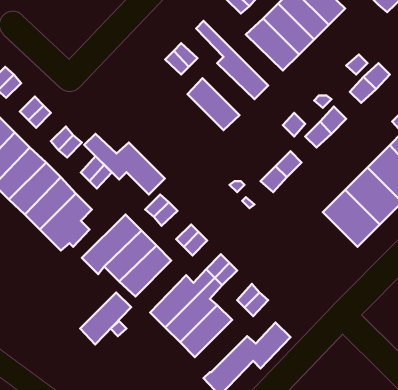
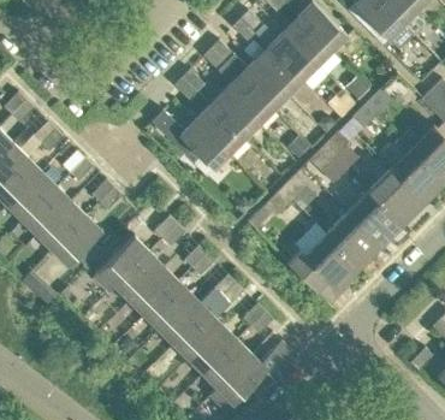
building: none -> [210,40,287,111]
building: none -> [209,89,260,140]
building: [84,134,165,195] -> [152,111,230,170]
building: none -> [287,233,360,295]
building: [80,292,131,345] -> [144,280,194,331]
building: none -> [202,338,253,389]

